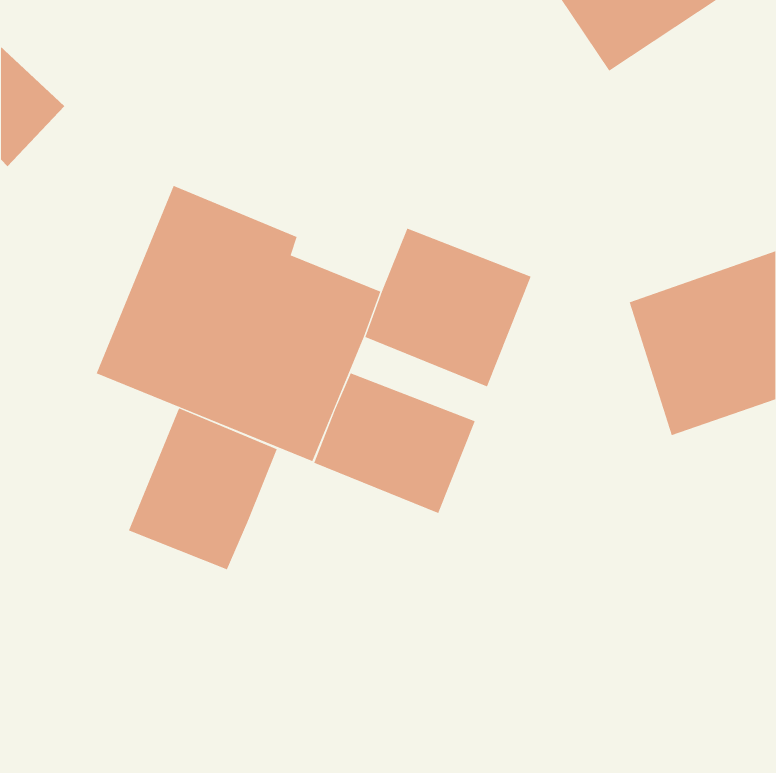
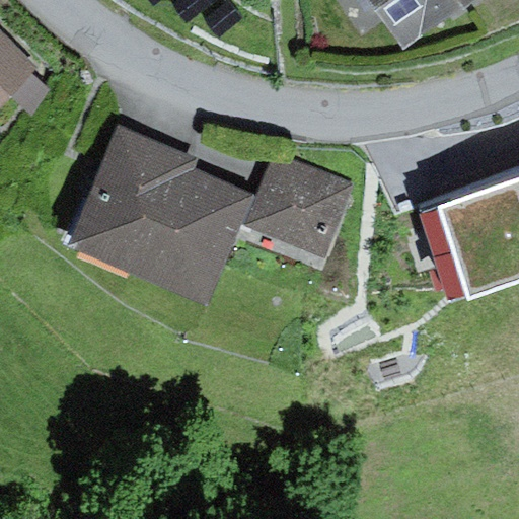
building: [314,372,475,514] -> none
building: [128,407,278,570] -> none

